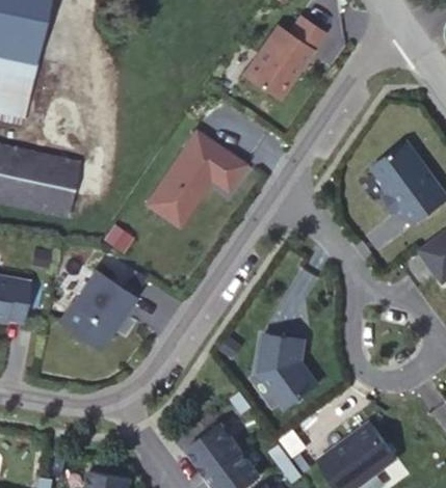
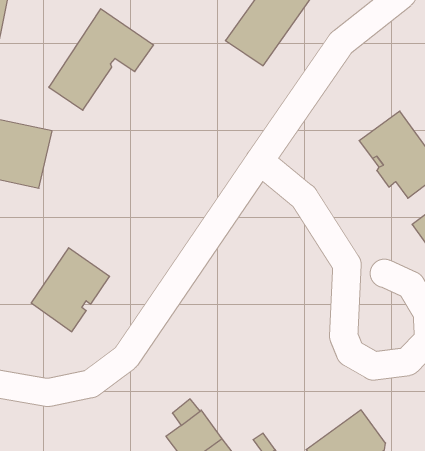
building: [148,132,246,227] -> [49,9,154,110]
building: [259,334,319,405] -> none

